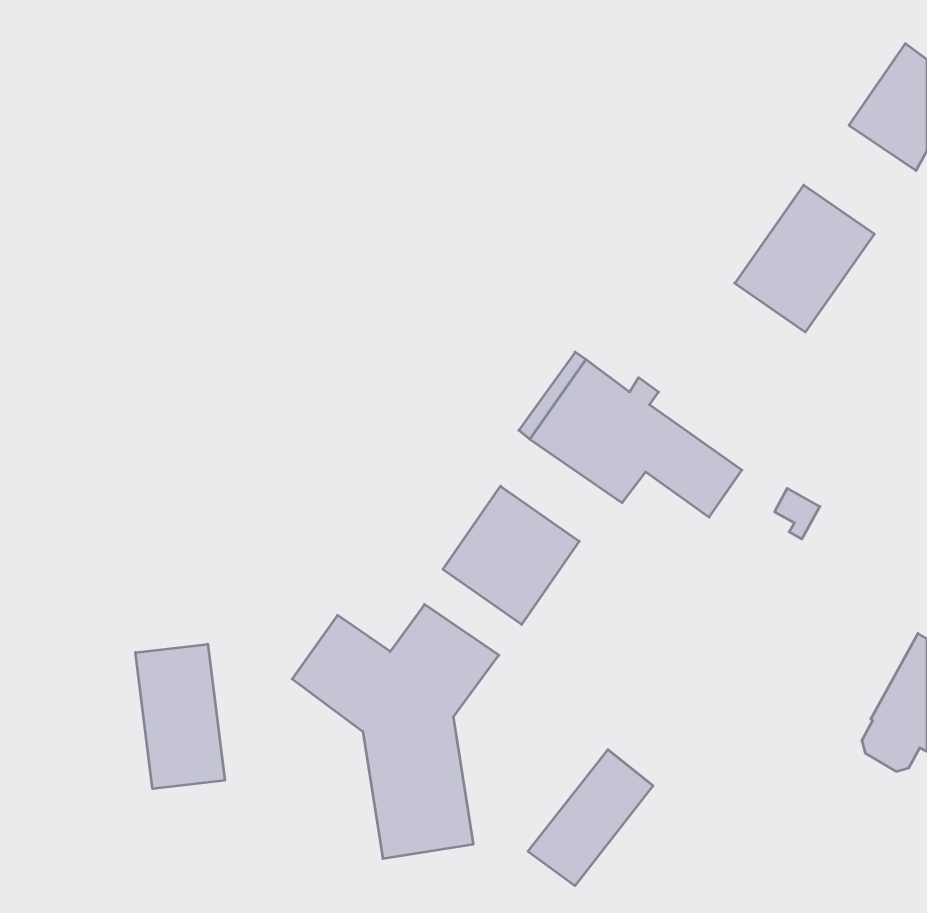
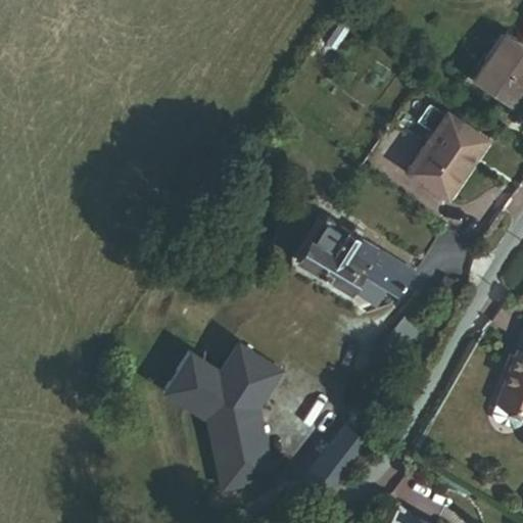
building: [443,486,579,625] -> none
building: [136,644,225,789] -> none

